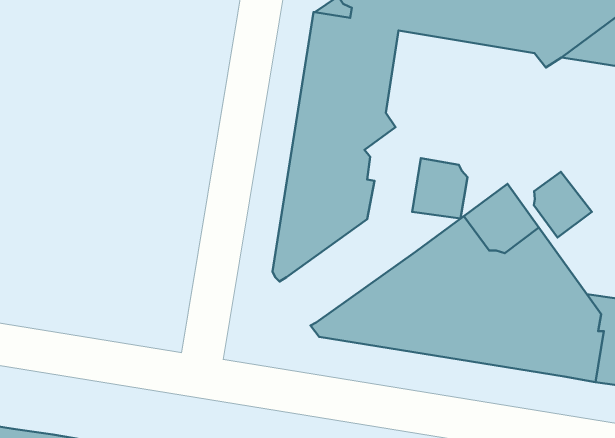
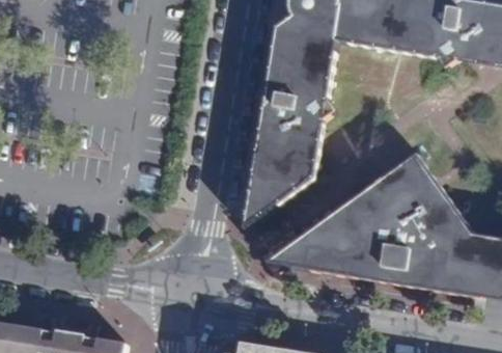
building: [412,158,468,219] -> none
building: [534,172,592,237] -> none

